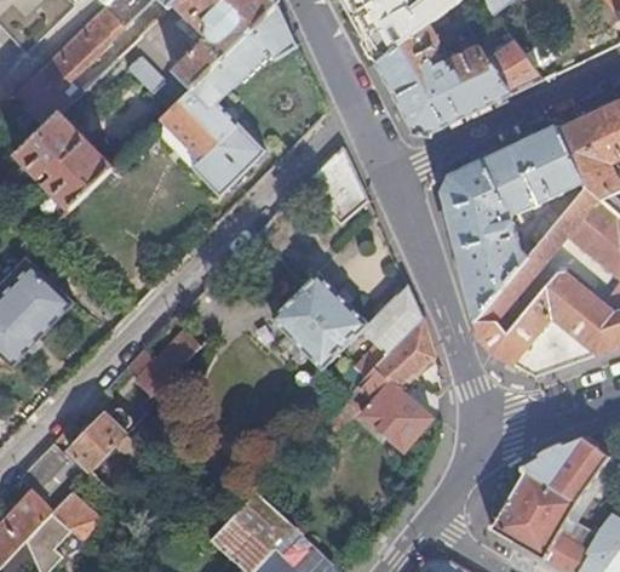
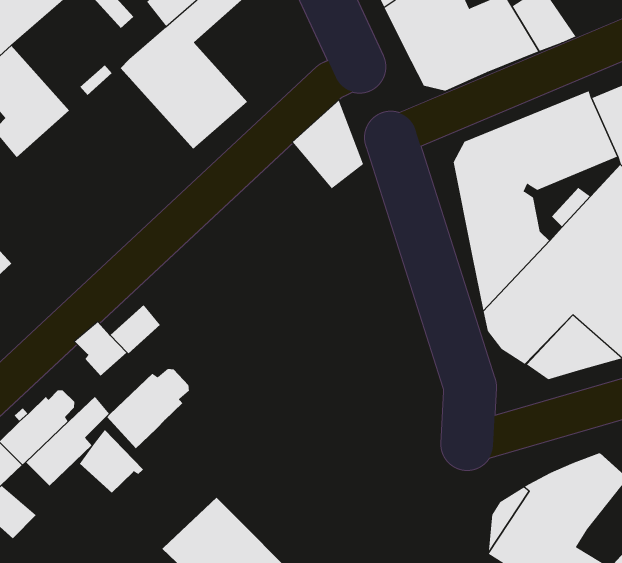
building: [271,270,434,448] -> none
building: none -> [106,368,190,449]
building: none -> [79,429,144,493]

